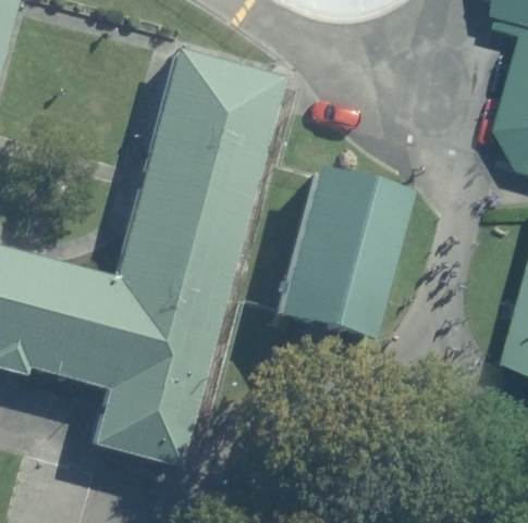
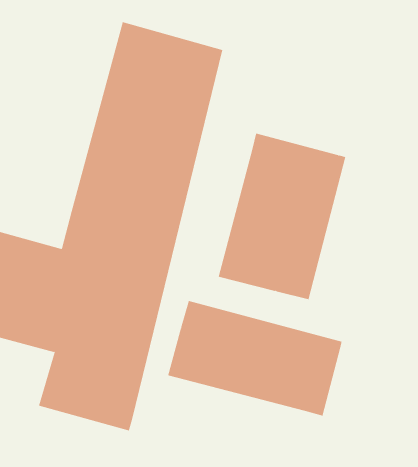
building: none -> [168,300,342,417]

